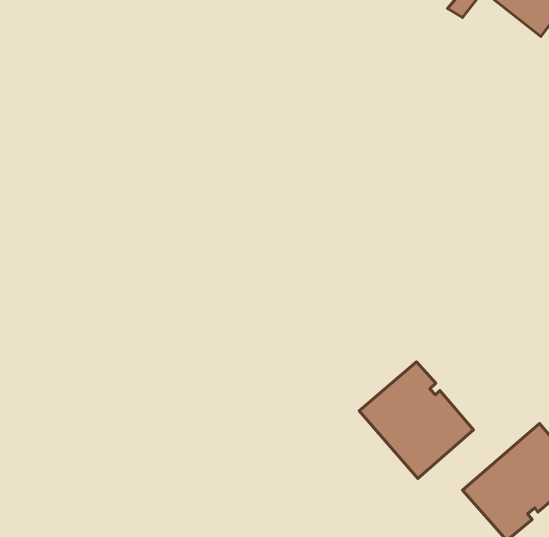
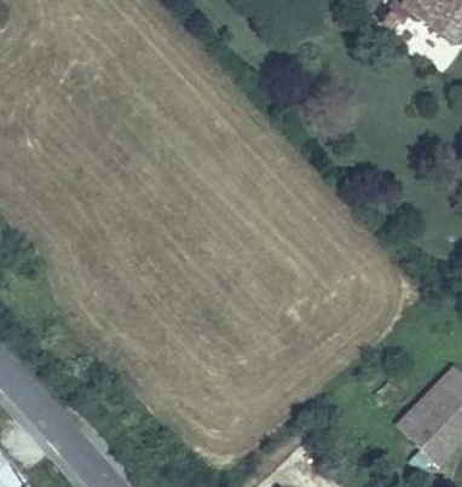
building: [359,362,474,479] -> none

